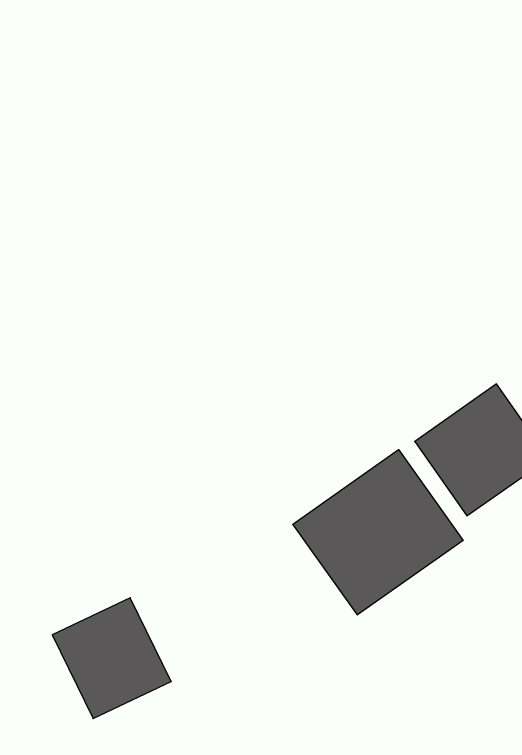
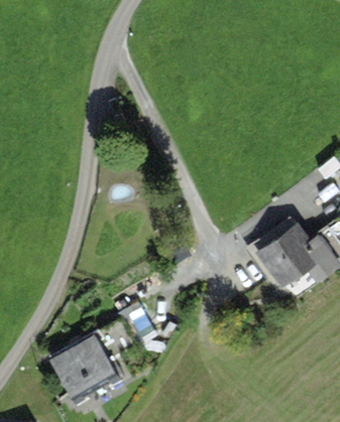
building: [293,450,463,615] -> none

